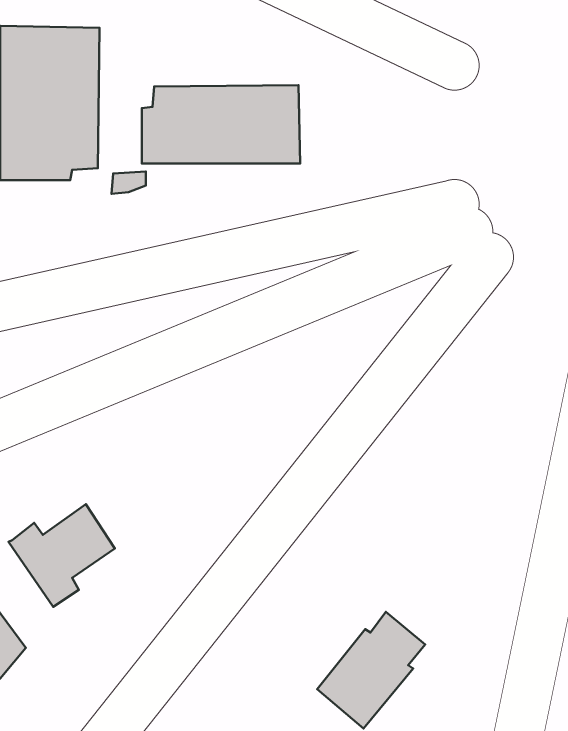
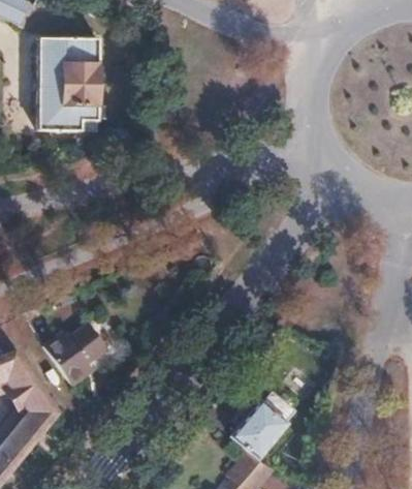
building: [142,85,300,163] -> none

